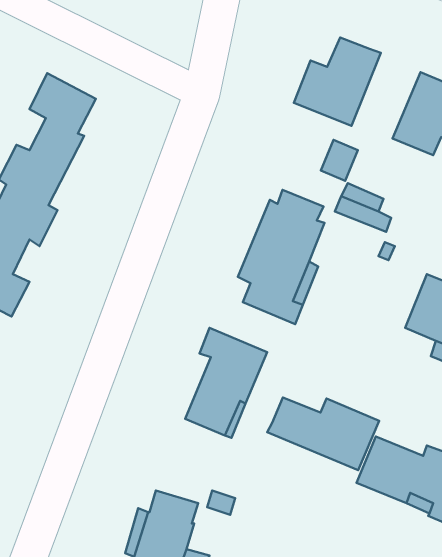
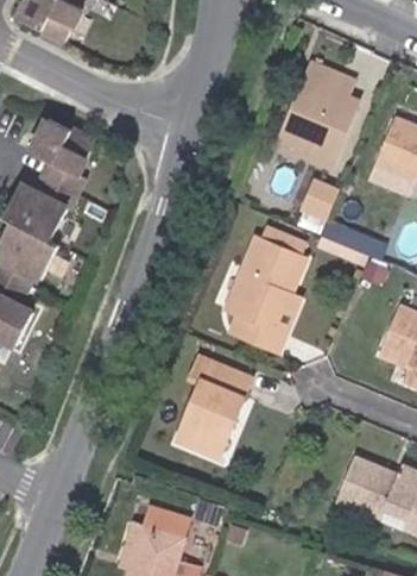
building: none -> [293,62,354,112]
building: [267,398,379,470] -> none

